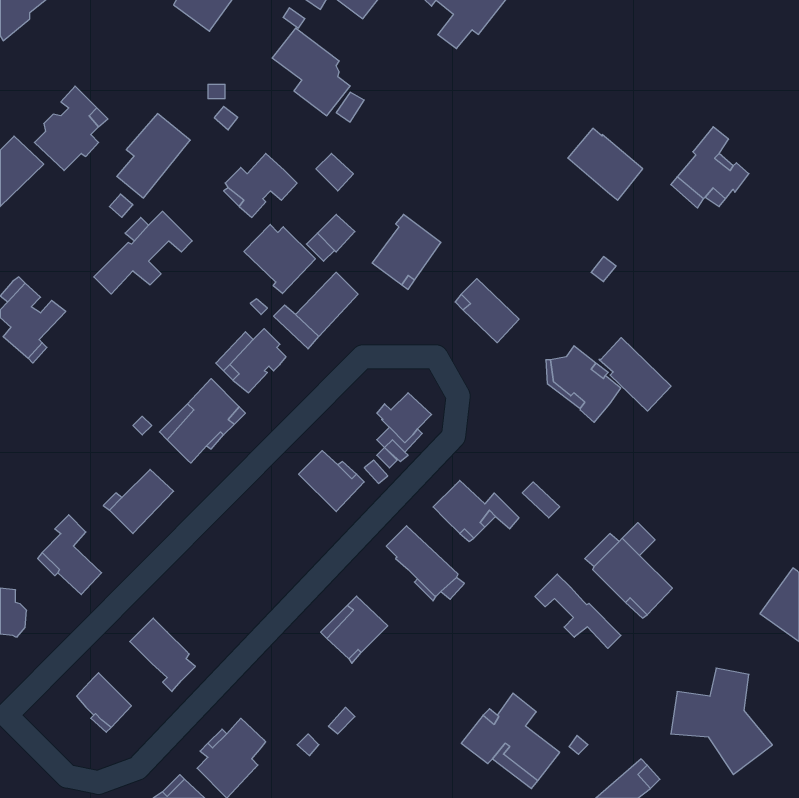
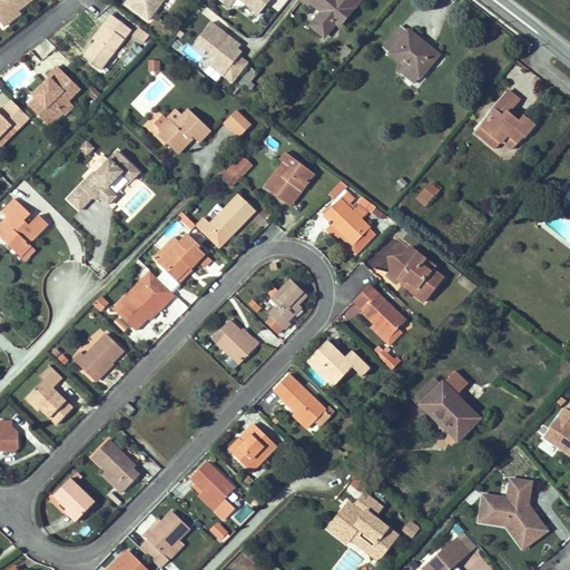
building: [117,114,190,198] -> [83,10,136,70]
building: [568,128,643,200] -> [384,26,438,77]
building: [244,224,315,294] -> none
building: [599,338,671,411] -> [354,285,405,337]
building: [535,574,621,648] -> none
building: none -> [191,461,235,510]

